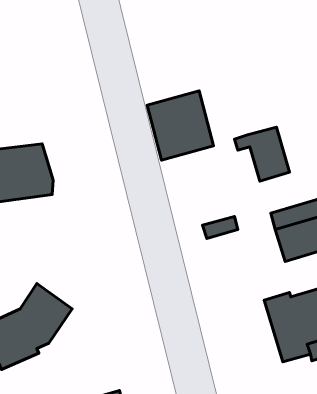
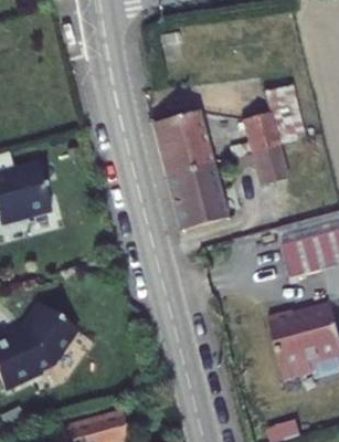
building: none -> [243,84,308,152]
building: none -> [165,164,231,232]

